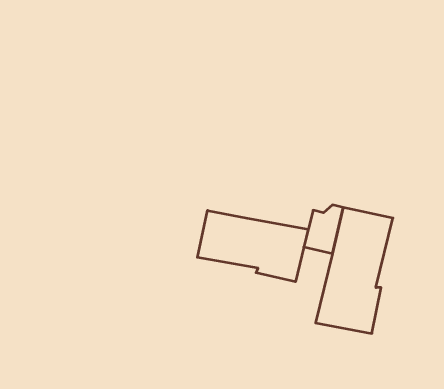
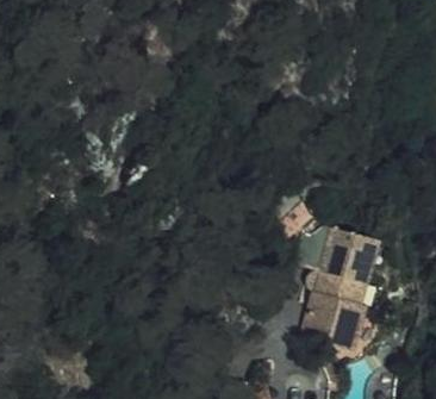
building: [197,210,308,282] -> none

